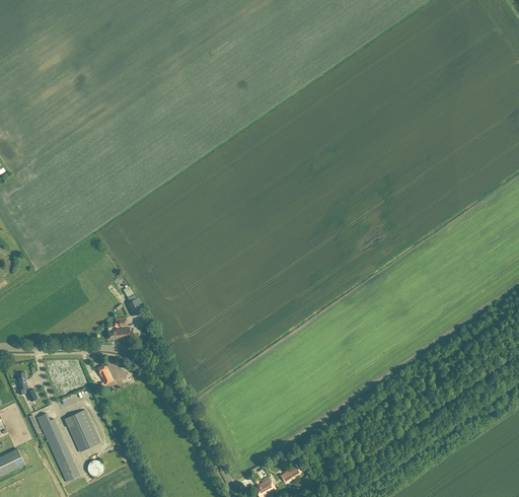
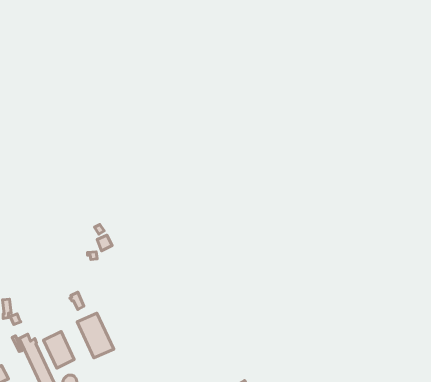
building: none -> [77,313,114,358]

